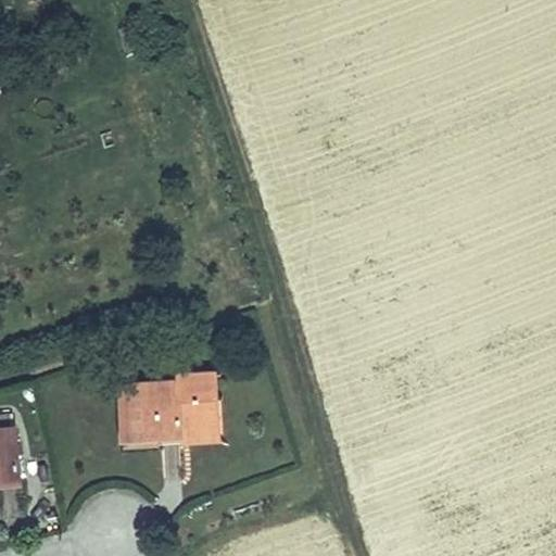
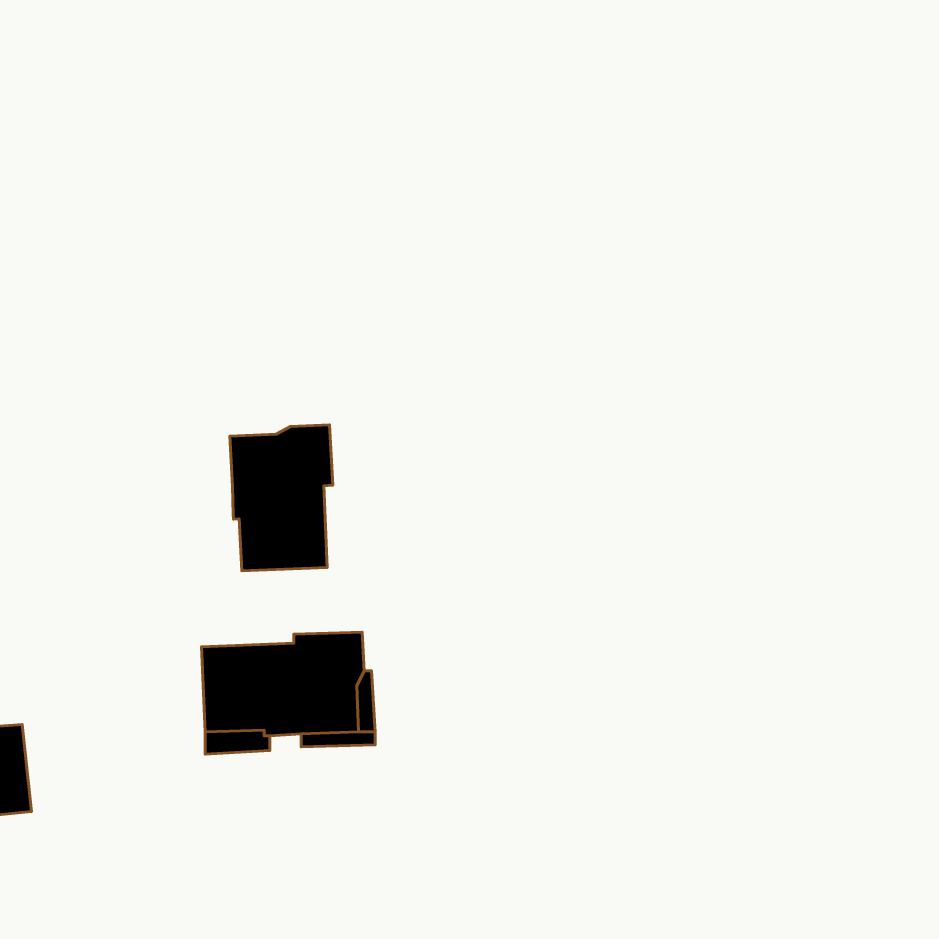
building: none -> [230,425,333,571]

